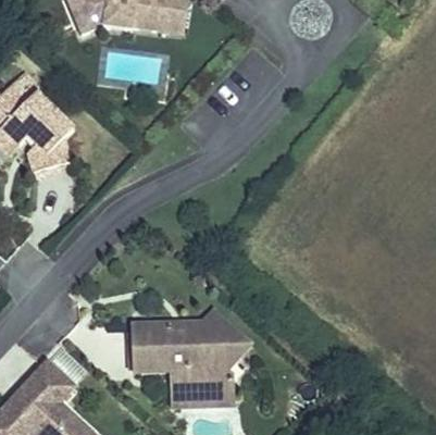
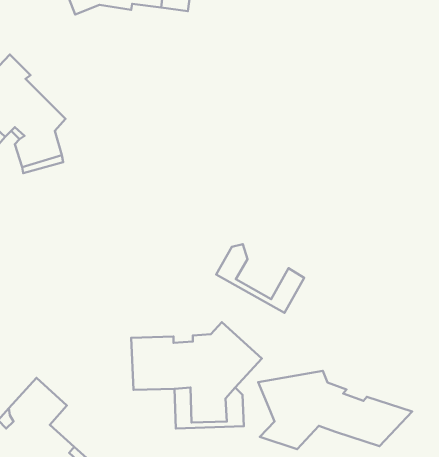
building: none -> [216,244,304,313]
building: none -> [258,371,412,449]

